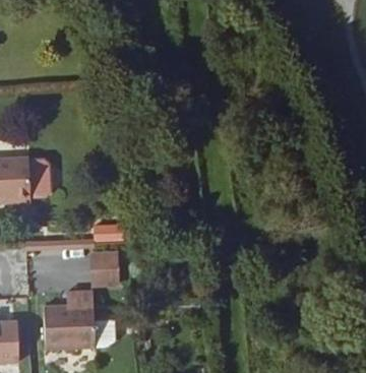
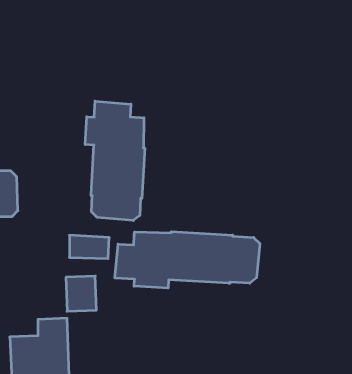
building: none -> [85,101,145,221]
building: none -> [115,232,260,288]

